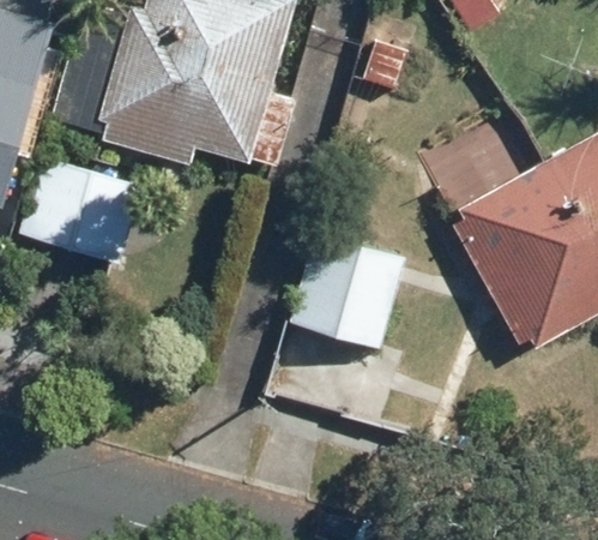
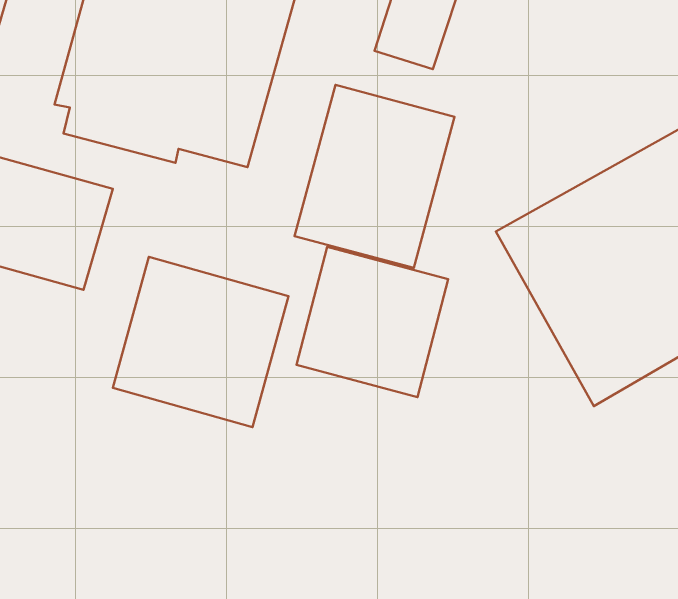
building: none -> [294,85,455,268]
building: none -> [113,257,289,427]

